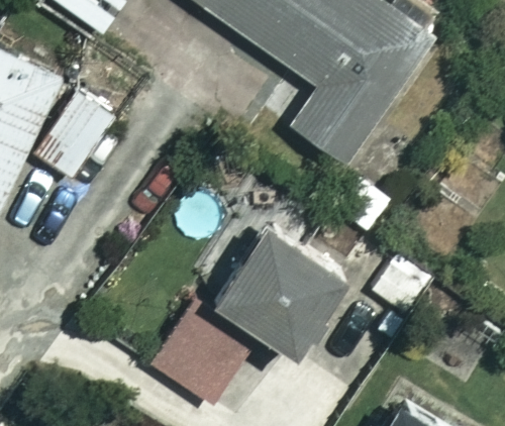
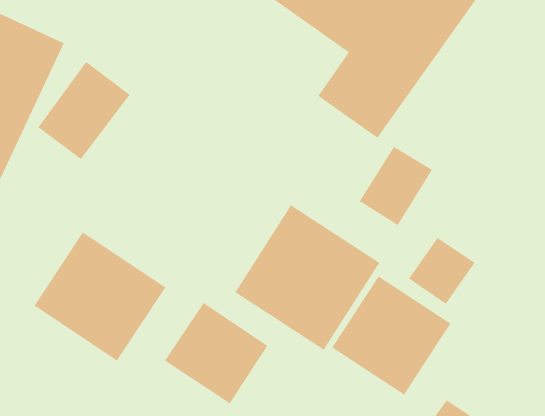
building: none -> [34,231,166,362]
building: none -> [332,275,451,396]

